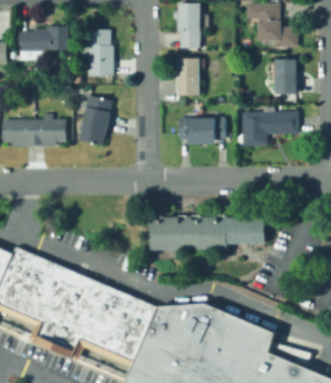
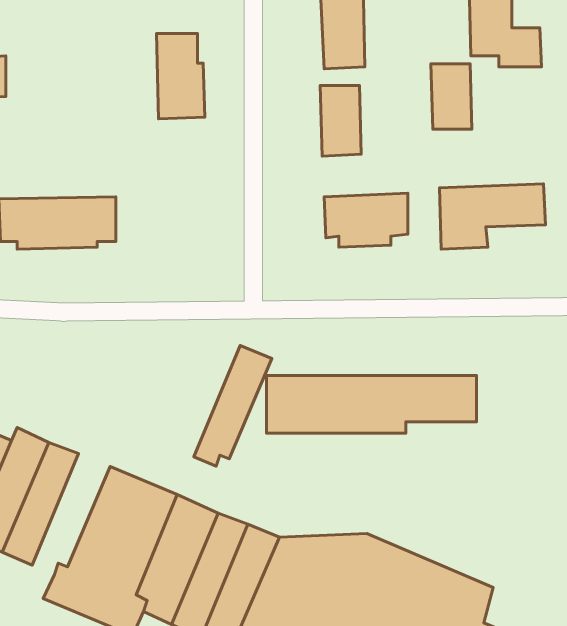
building: [19,27,70,52] -> none
building: [276,60,299,95] -> [431,64,472,129]
building: [80,97,113,147] -> none
building: [21,259,64,324] -> [194,345,272,466]

